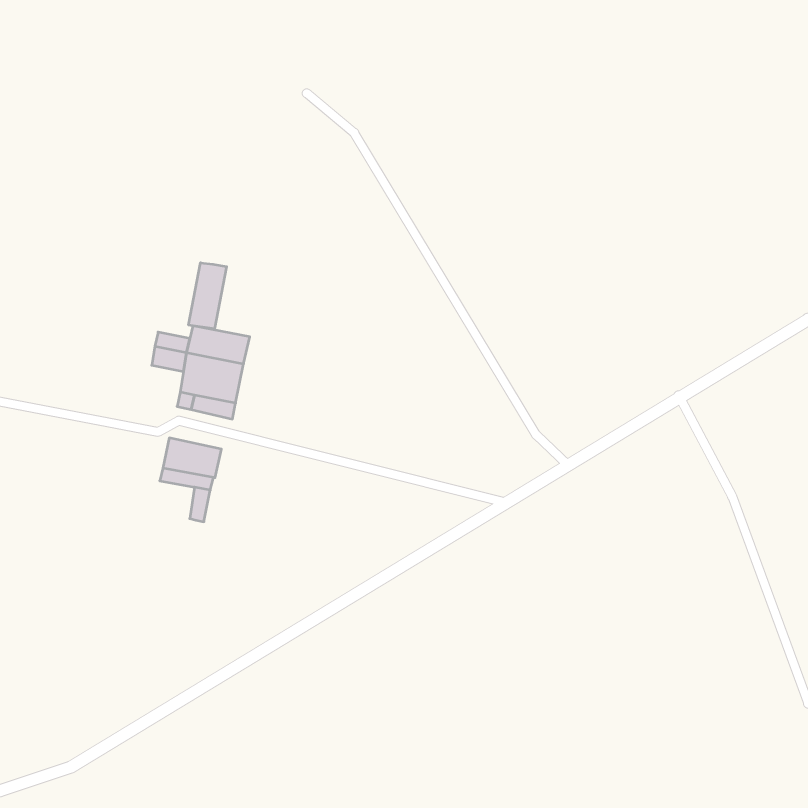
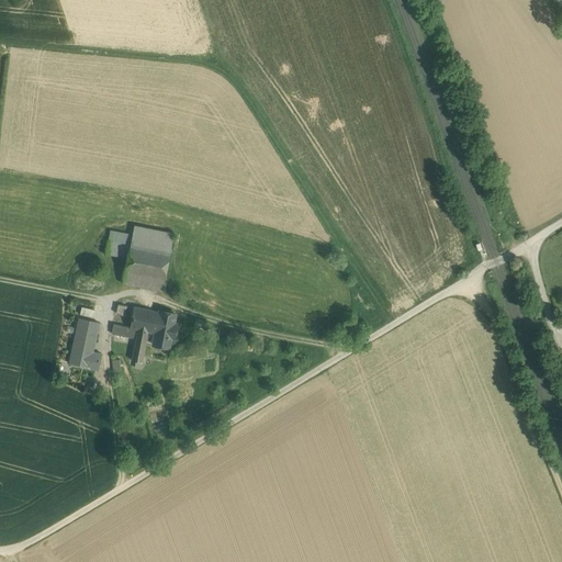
building: [189,263,227,329] -> none
building: none -> [149,311,175,347]
building: none -> [69,318,102,370]

